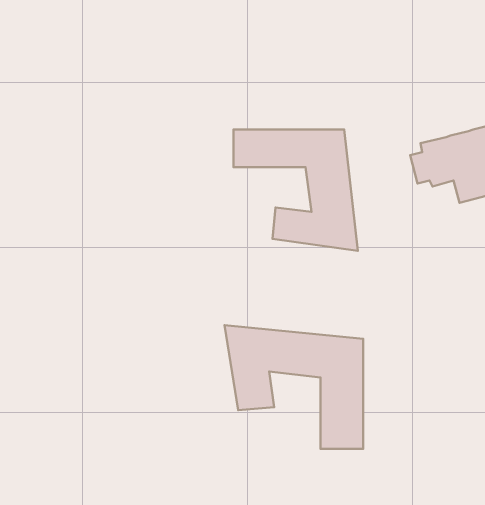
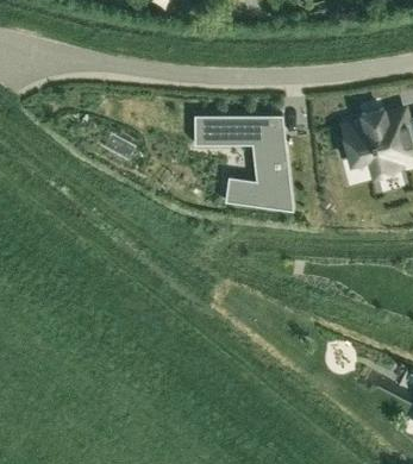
building: [225,325,363,449] -> none

